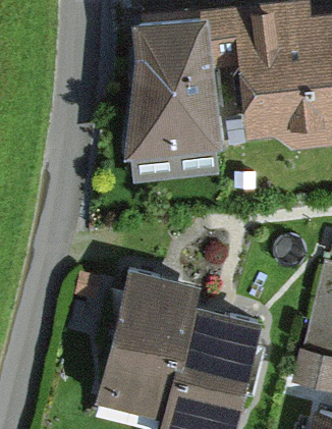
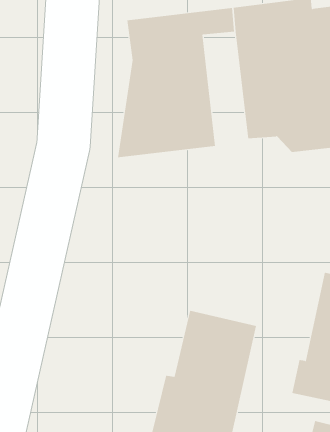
building: [95,270,198,420] -> none

